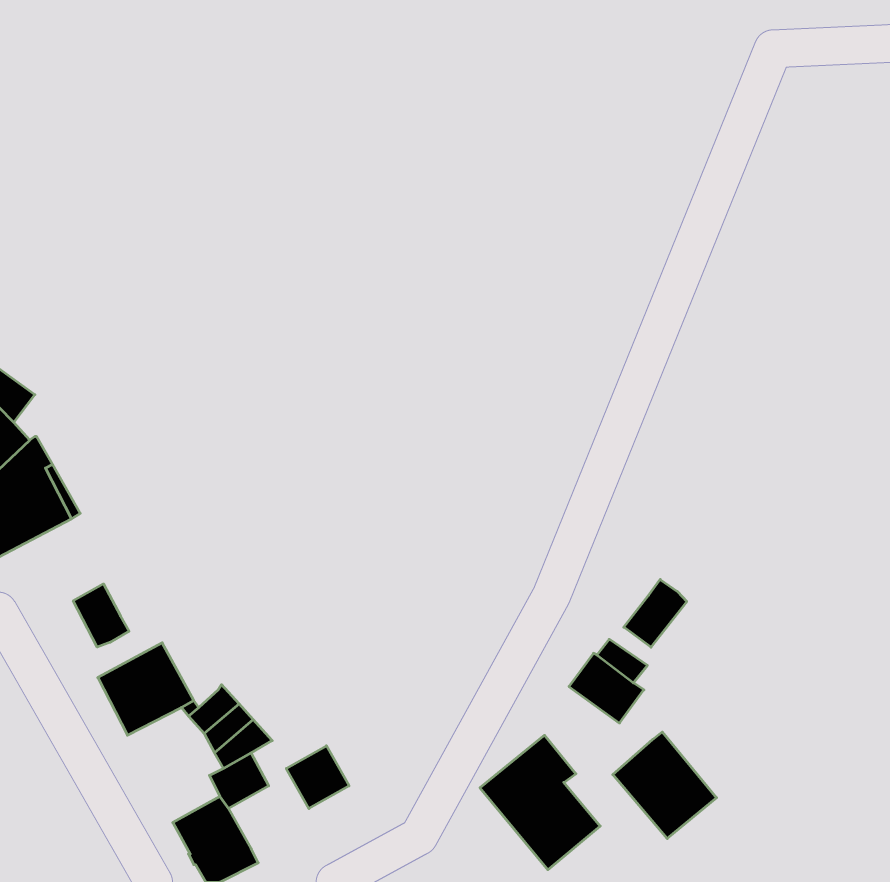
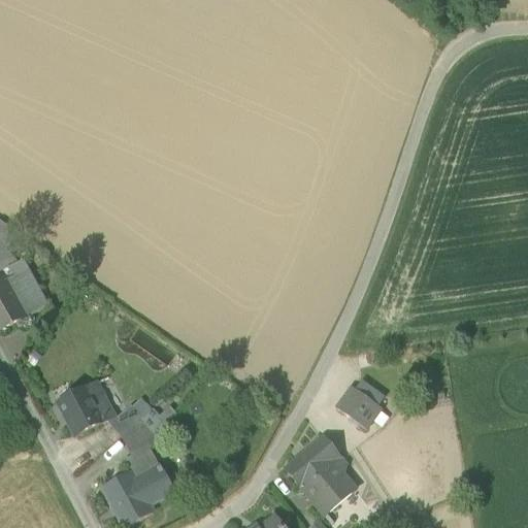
building: [624,579,687,647] -> none
building: [73,584,129,647] -> none
building: [613,732,717,839] -> none
building: [286,746,349,809] -> [135,464,172,501]

